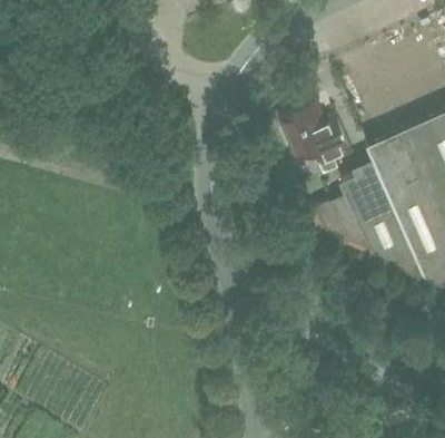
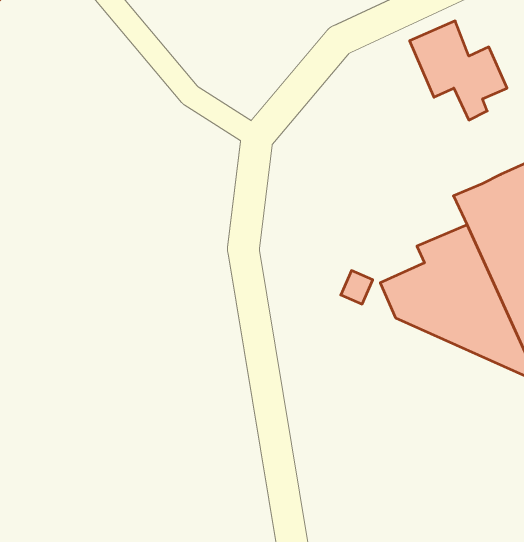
building: [280,104,352,176] -> [410,21,507,120]

